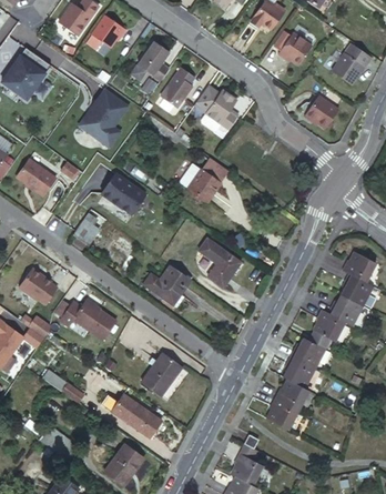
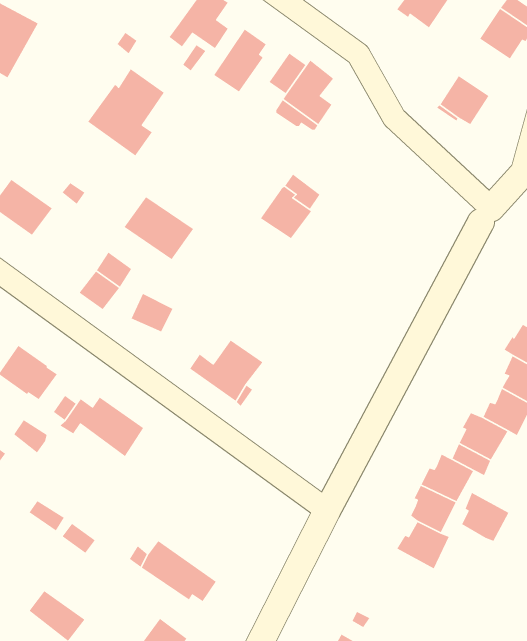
building: [202,241,241,286] -> none
building: [146,356,185,397] -> none
building: [270,399,301,431] -> [461,492,509,542]

